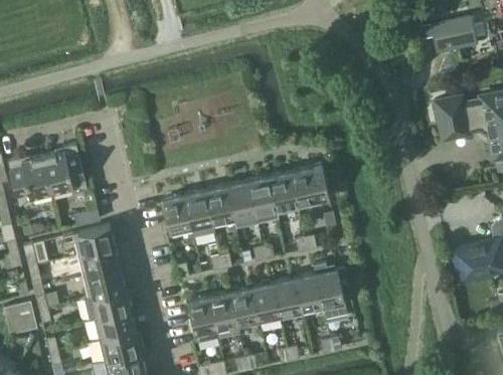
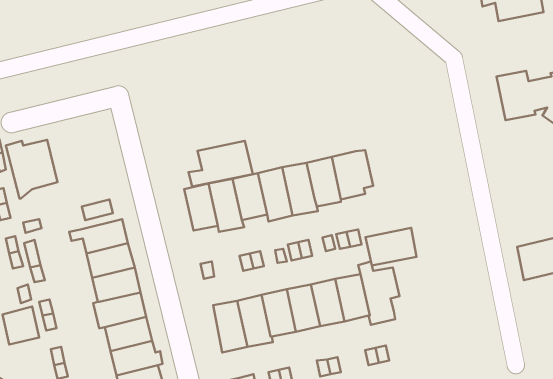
building: [43,143,89,192] -> none
building: none -> [188,141,253,186]
building: none -> [365,228,416,266]

